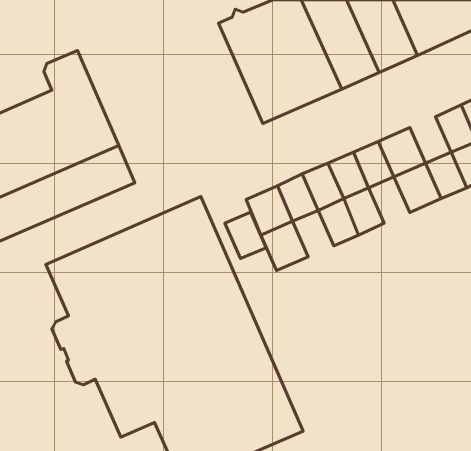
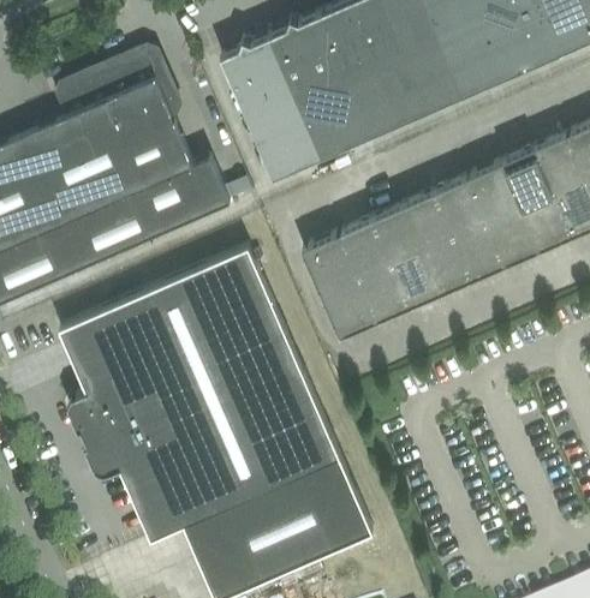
building: none -> [220,36,323,181]
building: none -> [97,48,230,231]
building: none -> [502,150,553,207]
building: none -> [452,223,502,280]
building: [225,212,266,259] -> [359,264,410,321]

